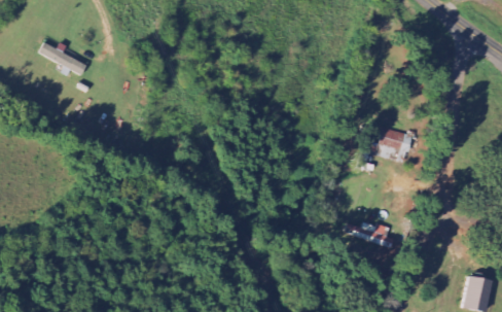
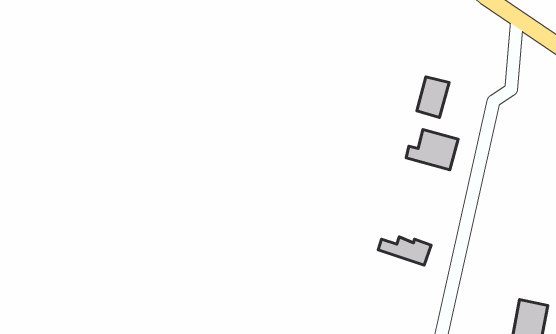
building: [38,41,86,74] -> none
building: none -> [417,77,449,117]

